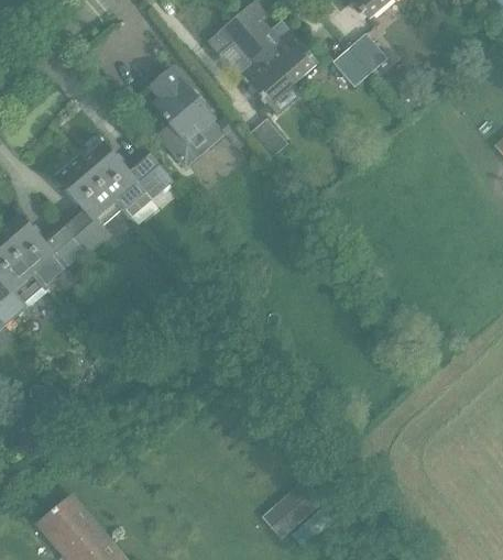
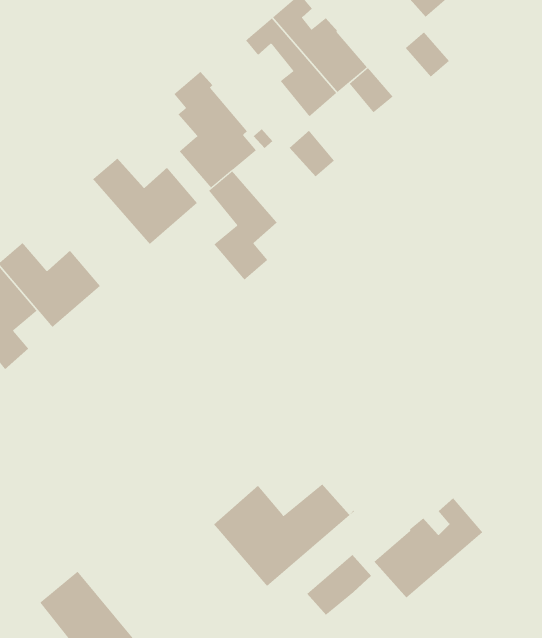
building: [333,47,372,87] -> [349,67,394,113]
building: [57,157,130,252] -> [208,170,293,280]
building: none -> [213,483,355,587]
building: none -> [374,498,483,598]

